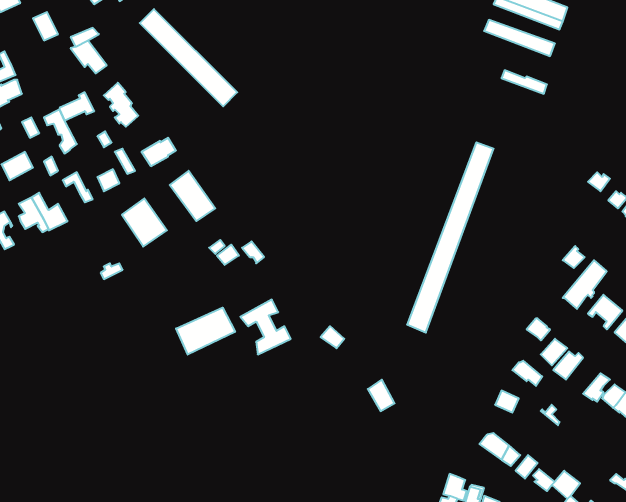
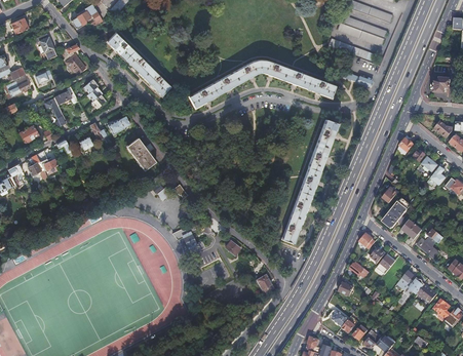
building: none -> [189,60,335,107]
building: [122,198,167,247] -> none
building: [176,308,235,355] -> none

